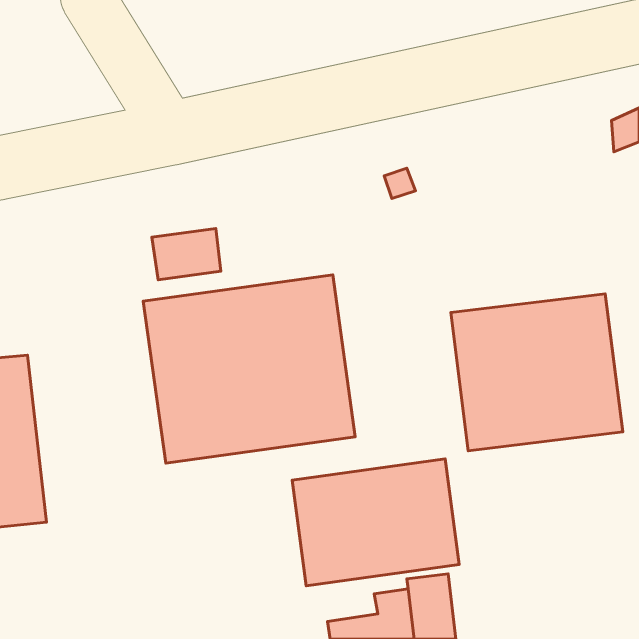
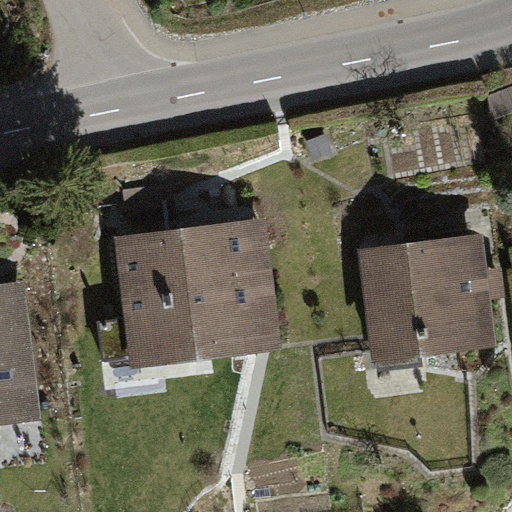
building: [292,459,459,586] -> none

